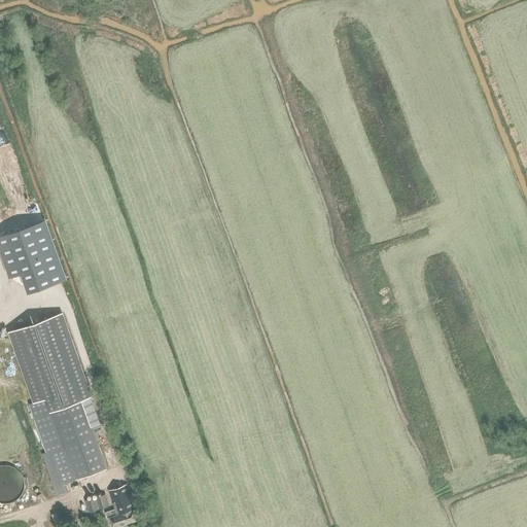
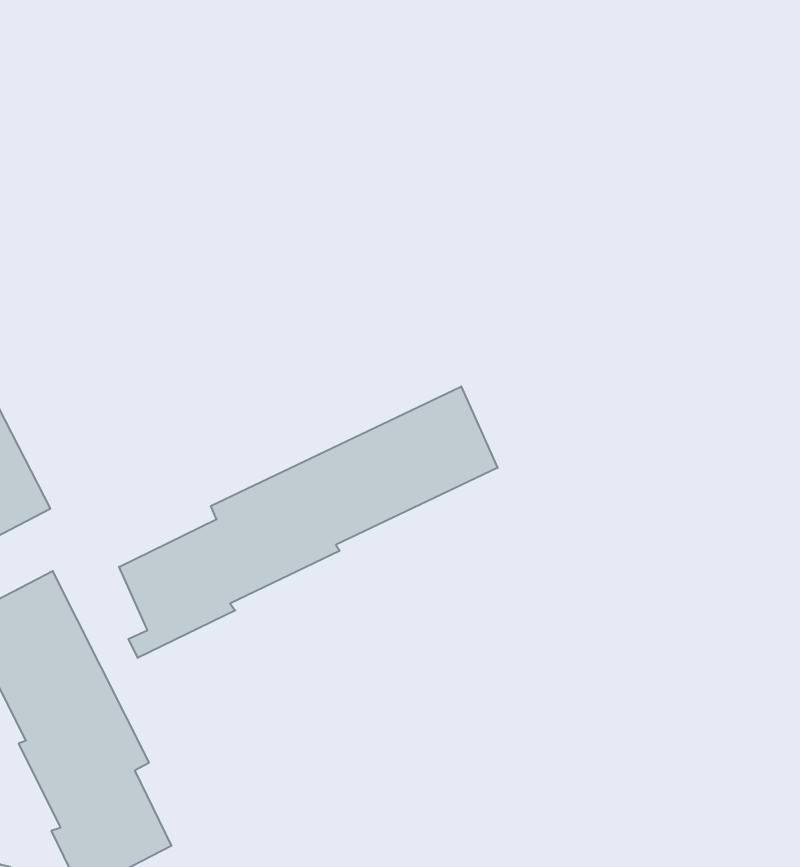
building: none -> [119,386,498,658]

